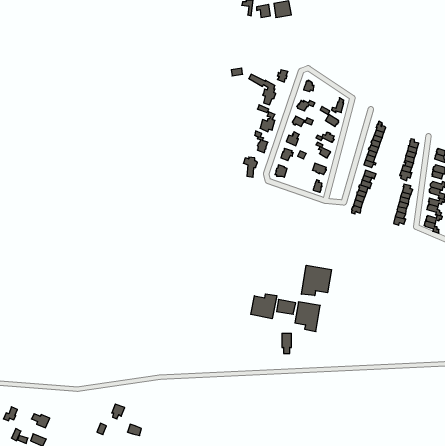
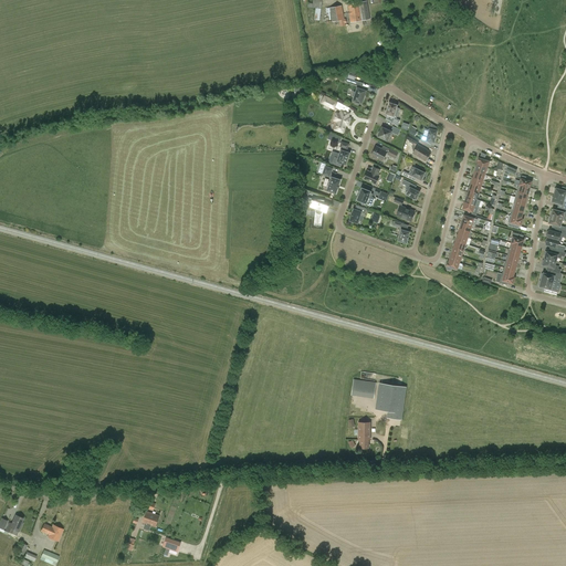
building: [301,265,331,296] -> none
building: [251,294,277,319] -> none

